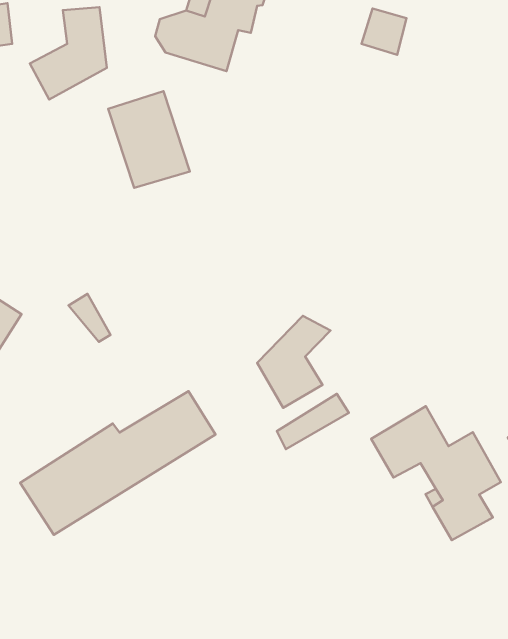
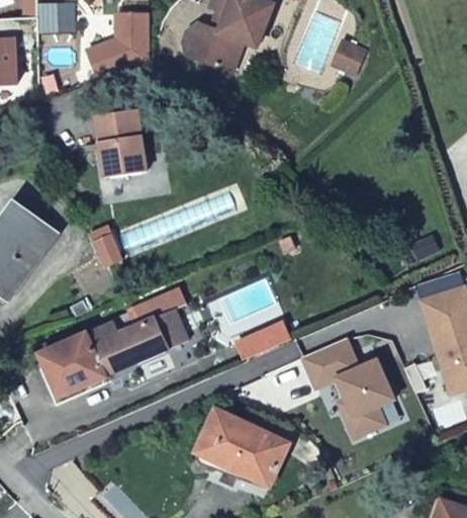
building: [108,91,190,188] -> [92,107,147,176]
building: [257,316,330,408] -> none
building: none -> [201,410,286,480]

